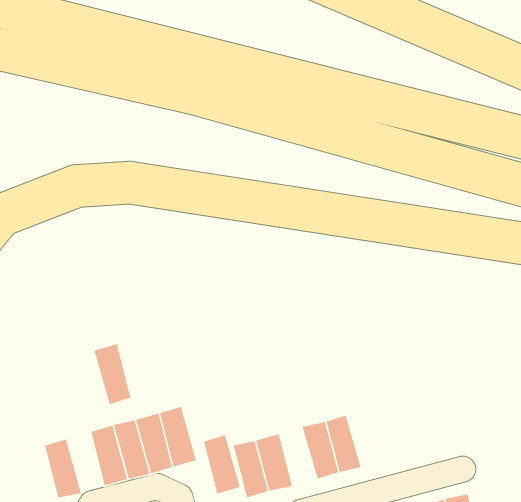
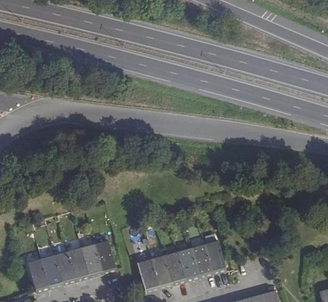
building: [94,343,131,405] -> [41,254,63,290]
building: none -> [204,240,226,275]
building: [203,434,241,494] -> [165,251,187,286]

